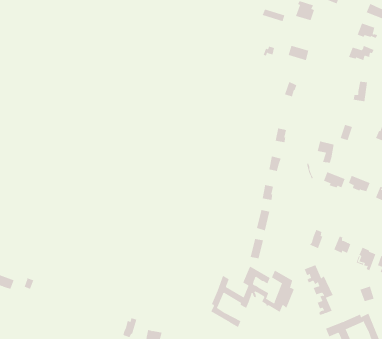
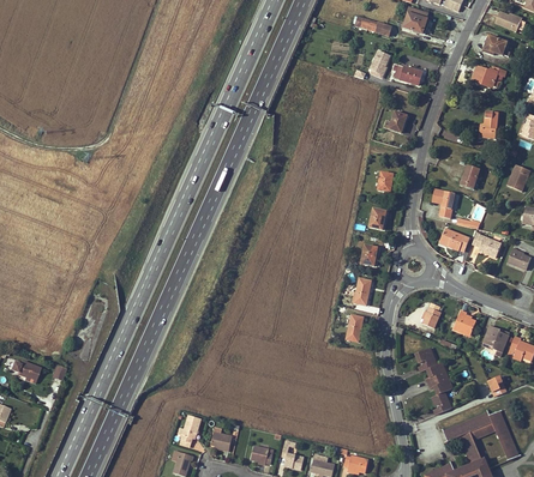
building: [210,266,294,328] -> none

